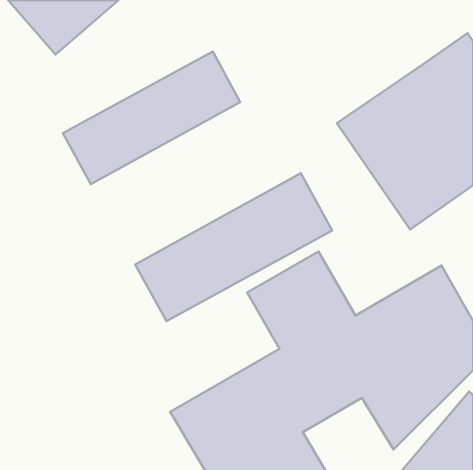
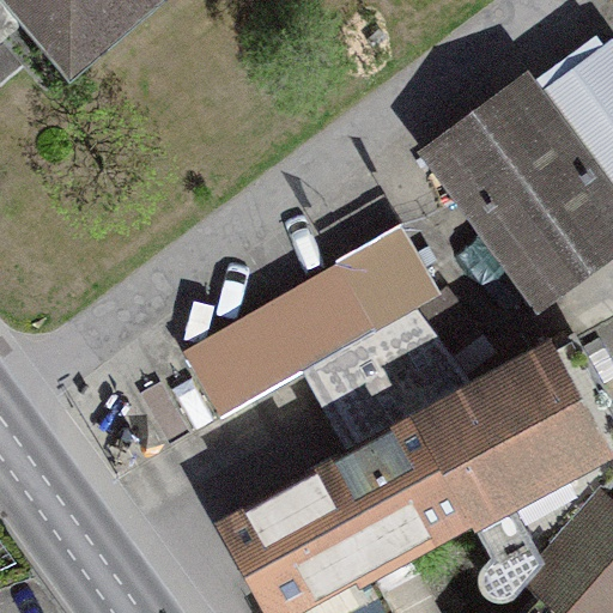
building: [63,52,240,184] -> none

